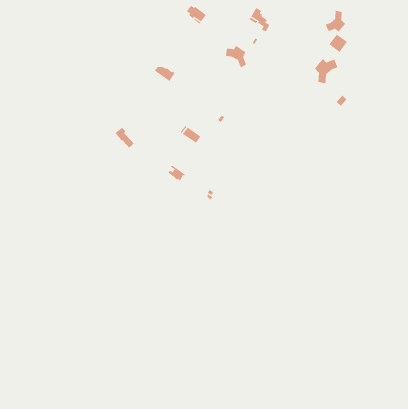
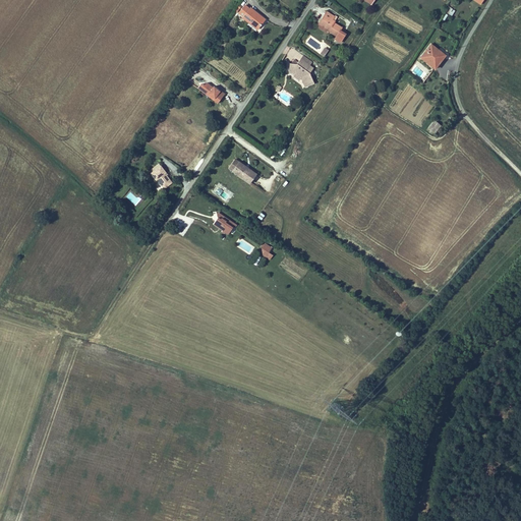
building: [325,10,346,33] -> none
building: [314,58,338,84] -> none

